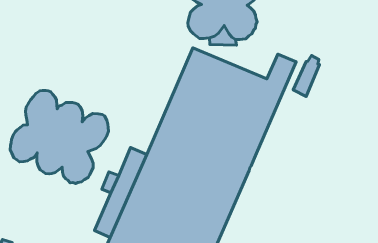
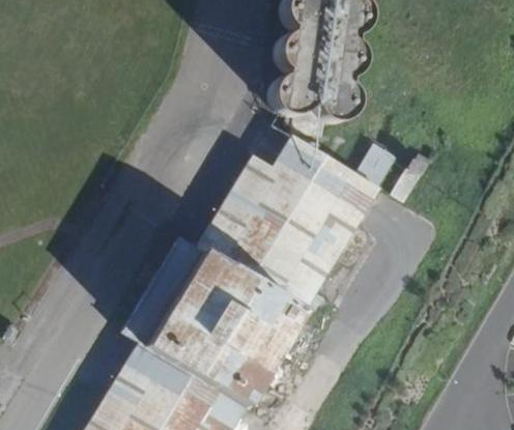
building: [10,90,109,183] -> none

